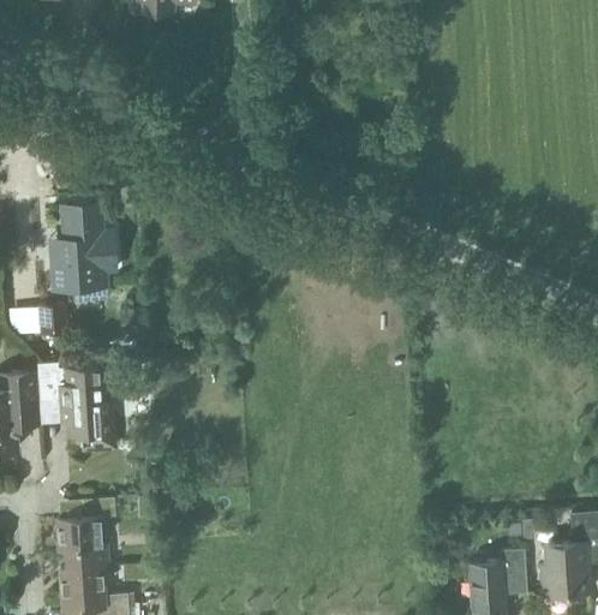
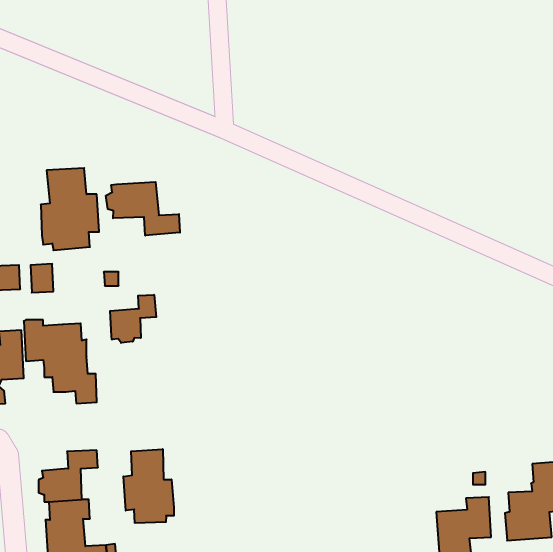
building: none -> [106,182,180,236]
building: none -> [110,295,156,343]
building: none -> [123,449,174,523]

